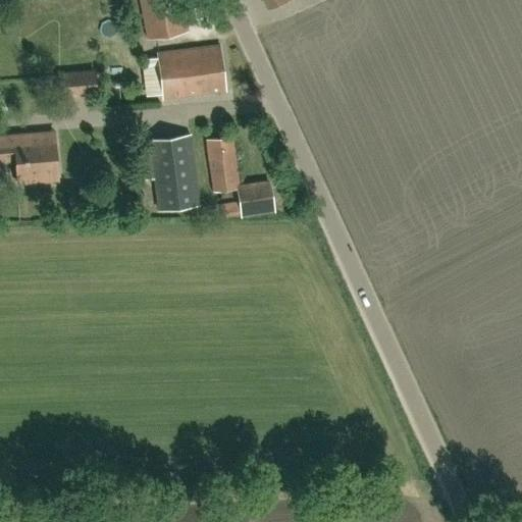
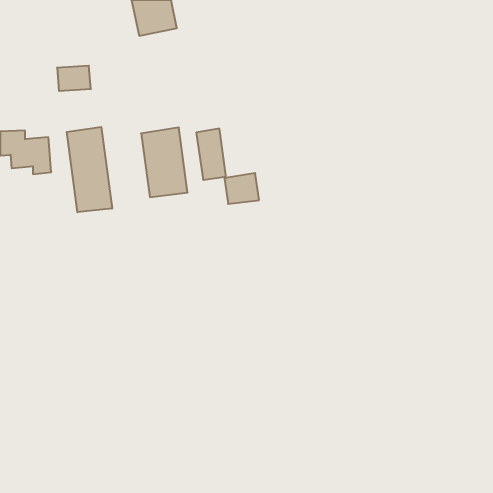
building: [158,45,226,98] -> none
building: none -> [67,127,112,212]

